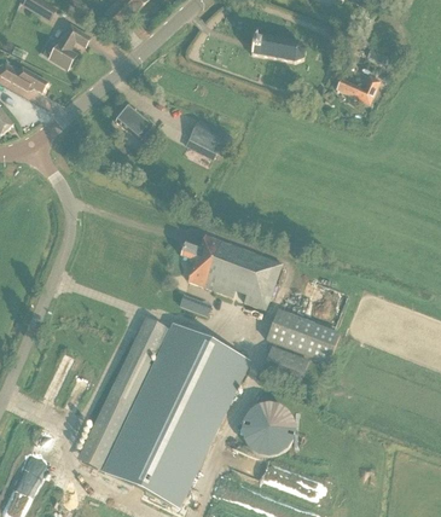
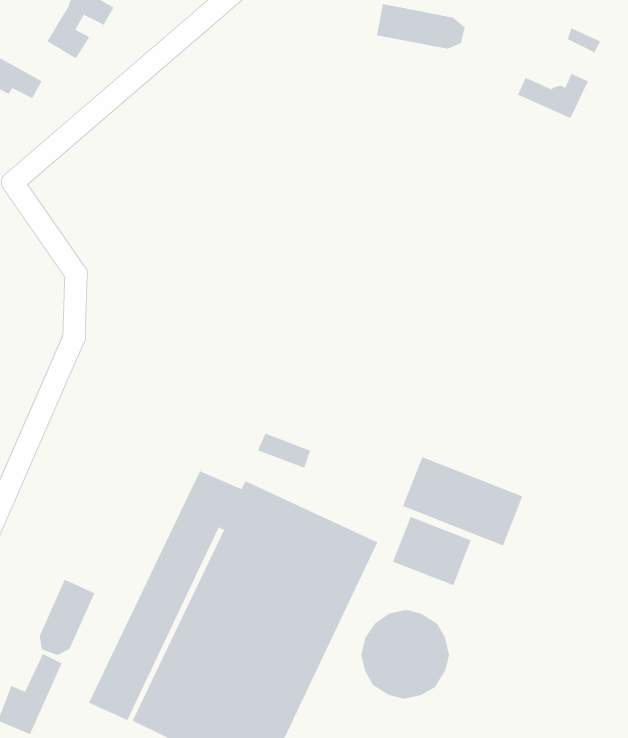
building: [115,105,151,139] -> none
building: [185,121,225,159] -> none
building: [180,233,282,309] -> none
building: none -> [39,579,95,656]

